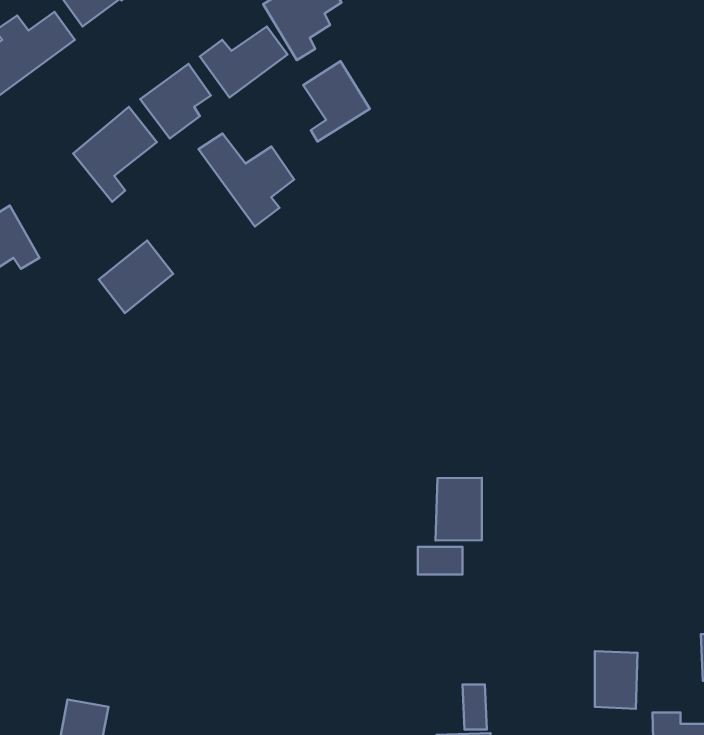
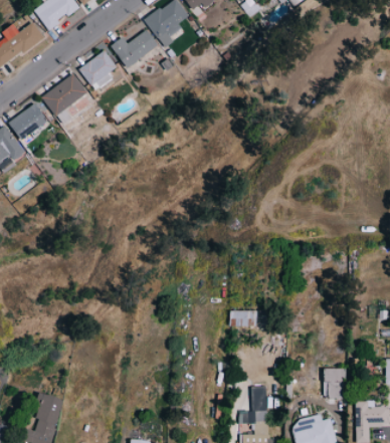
building: [303,61,370,141] -> none
building: [198,134,294,227] -> none
building: [99,240,173,313] -> [10,102,50,142]
building: [436,478,482,541] -> none

